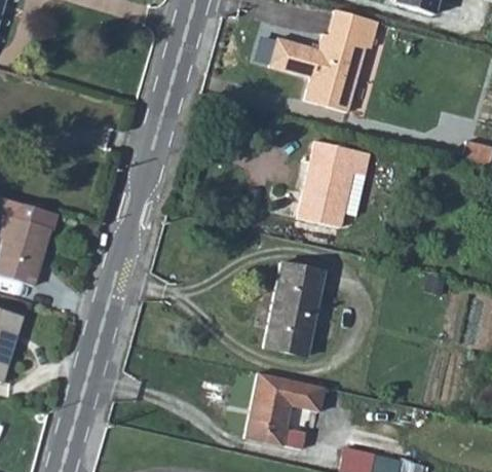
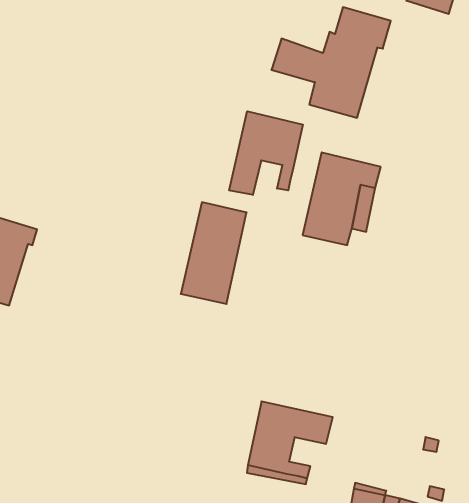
building: none -> [229,111,303,195]
building: [264,263,325,357] -> [181,202,247,304]

